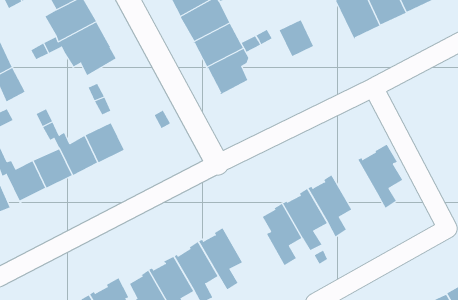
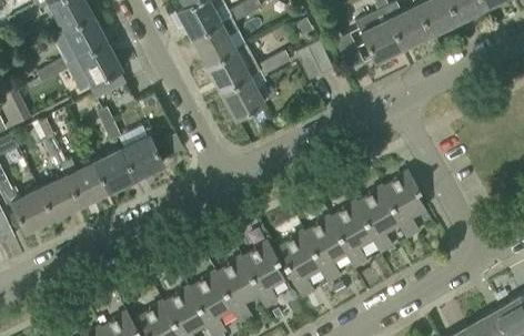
building: none -> [121,135,163,179]
building: none -> [352,187,400,253]
building: none -> [238,241,285,308]

